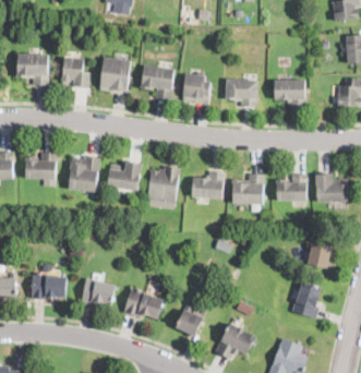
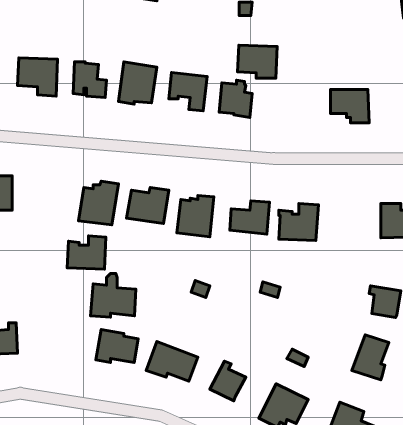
building: [225,79,257,106] -> [237,45,277,78]
building: [24,152,56,179] -> [67,236,106,269]
building: [276,173,306,201] -> none
building: [29,263,67,299] -> [91,273,136,317]

